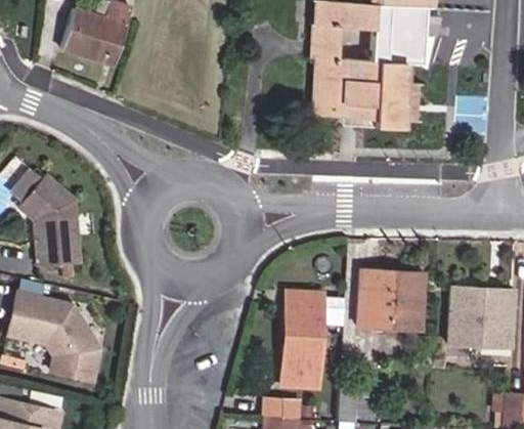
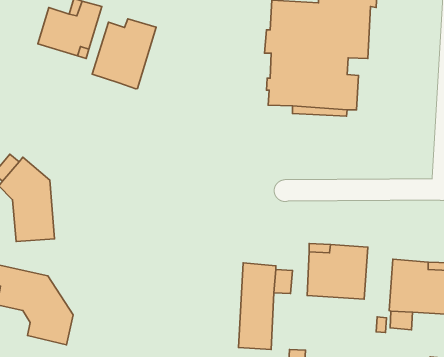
building: none -> [92,19,156,89]

